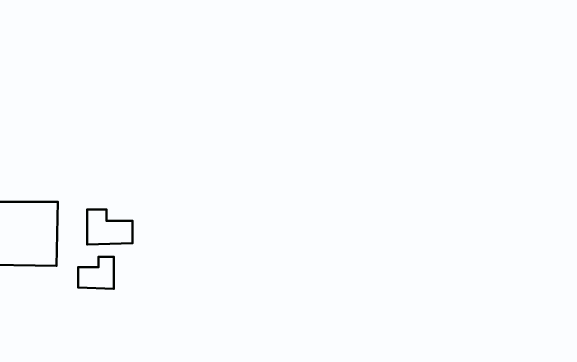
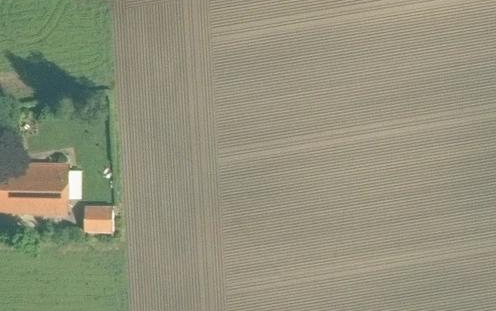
building: [87,210,132,245] -> none

